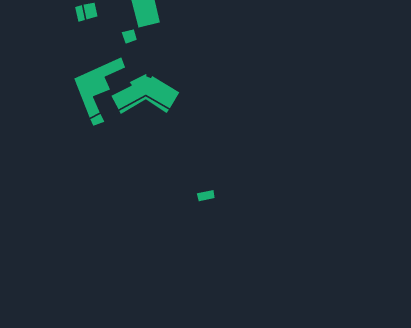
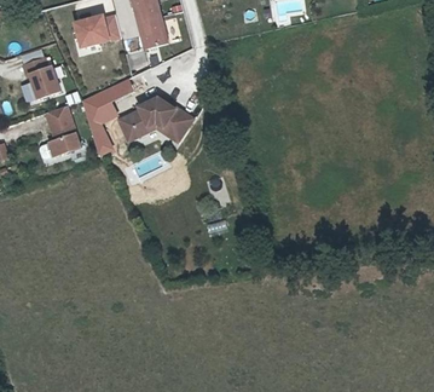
building: none -> [22,58,58,98]
building: none -> [44,105,79,156]

